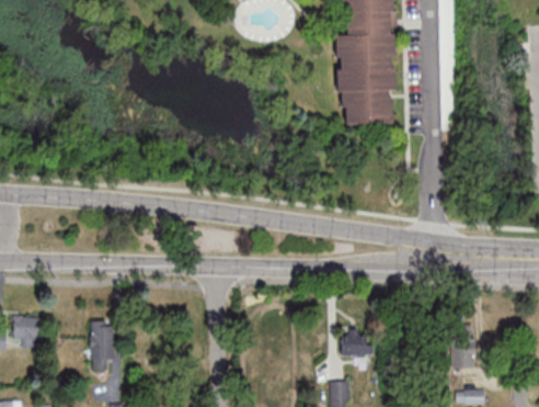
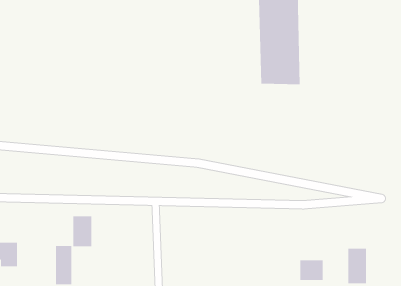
building: none -> [73,215,92,247]
building: [340,330,369,355] -> [300,260,324,280]

